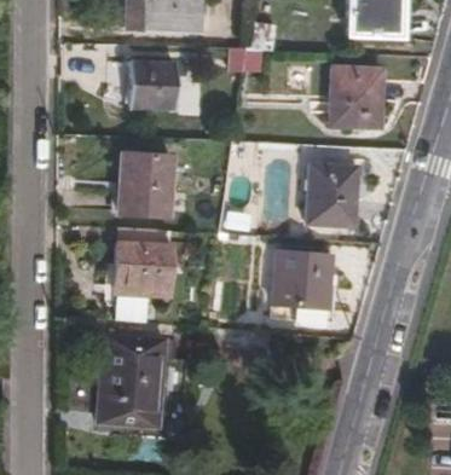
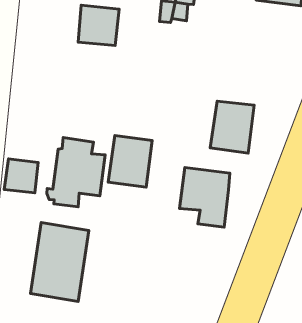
building: [328,73,380,127] -> none
building: [123,155,173,215] -> [108,135,152,187]
building: none -> [4,159,38,193]

